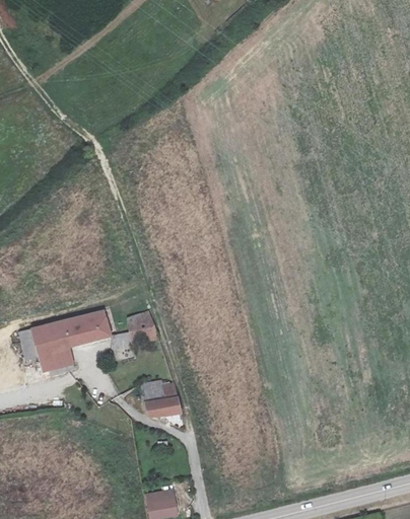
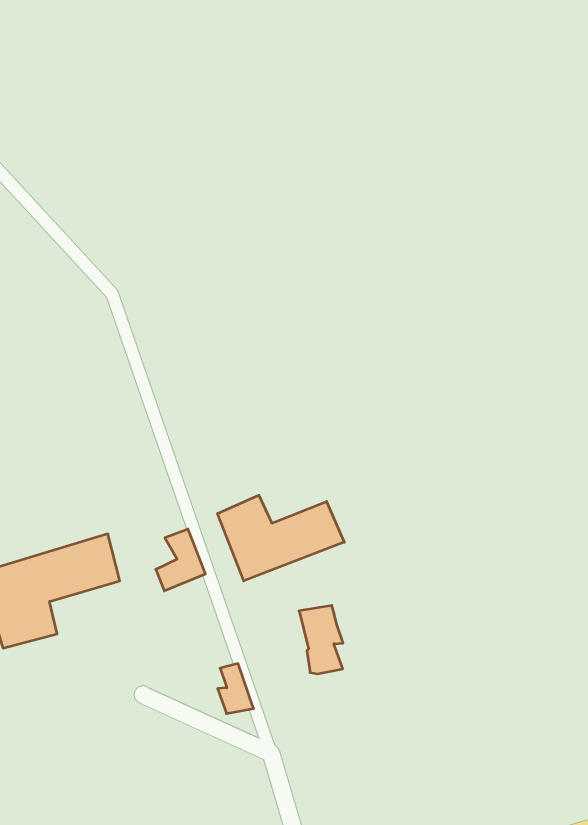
building: none -> [218,495,344,581]
building: [142,378,165,416] -> [299,605,343,674]

